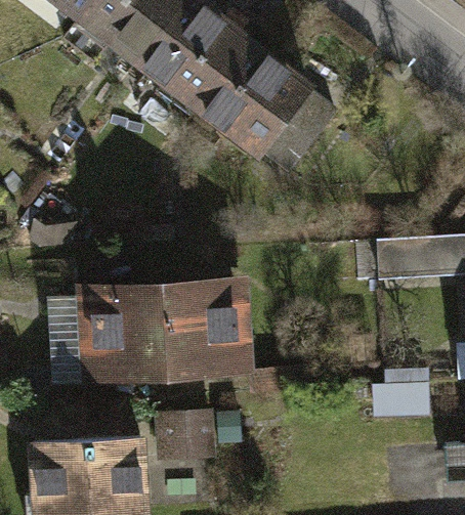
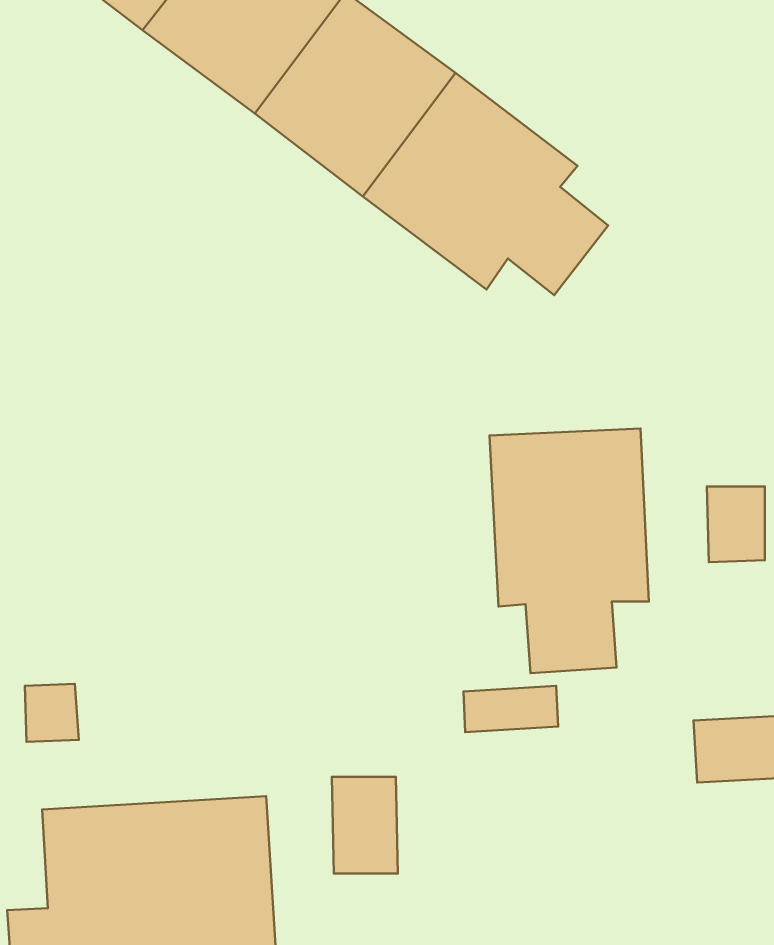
building: none -> [489,429,649,673]
building: [75,277,253,376] -> none

